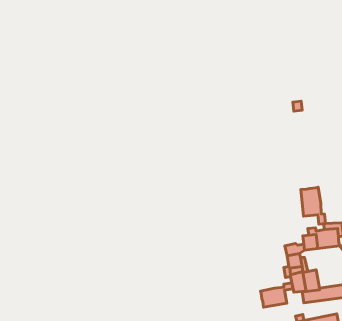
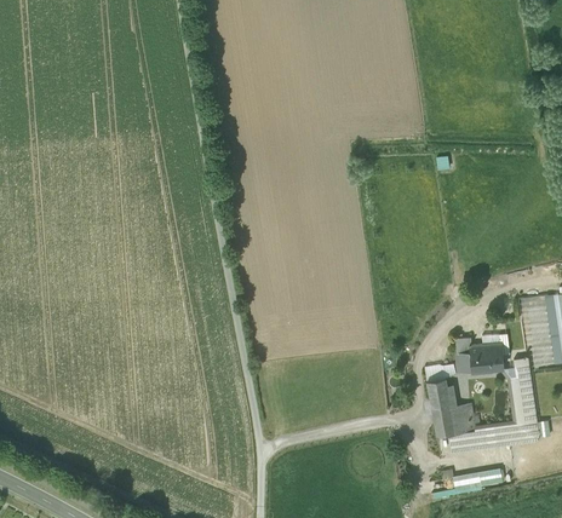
building: [301,187,326,224] -> none
building: [260,283,293,307] -> none

